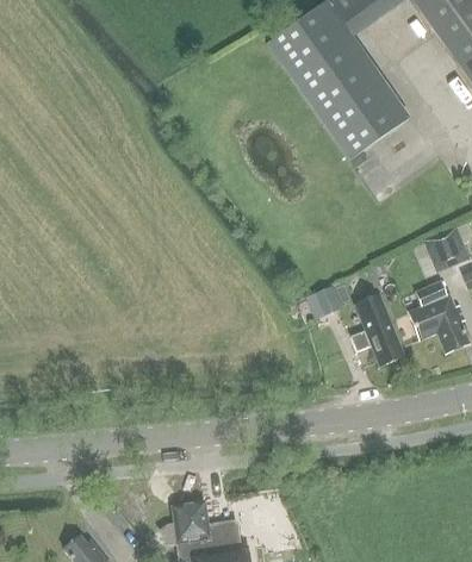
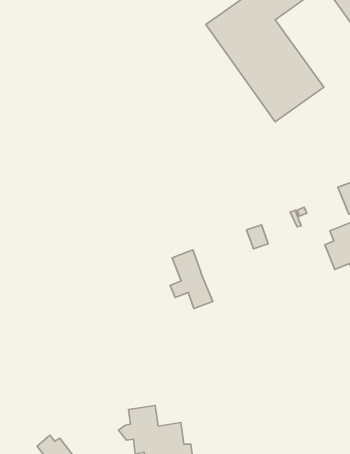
building: [352,292,403,362] -> [170,250,213,308]

